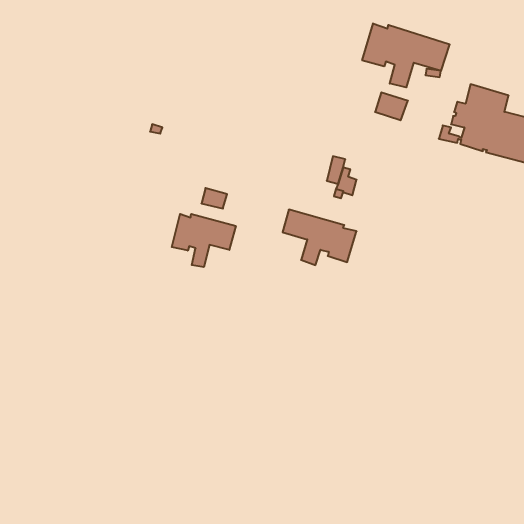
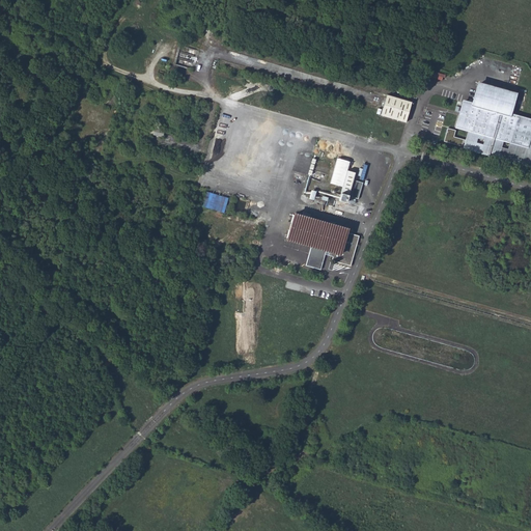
building: [362,23,450,87] -> none
building: [172,214,236,267] -> none

